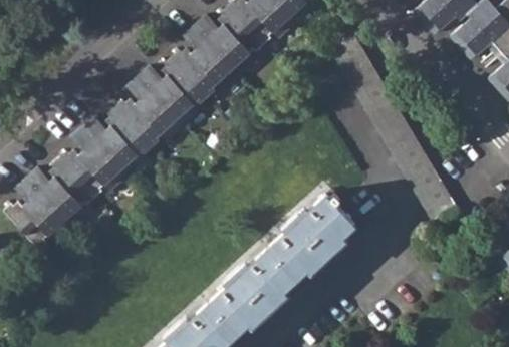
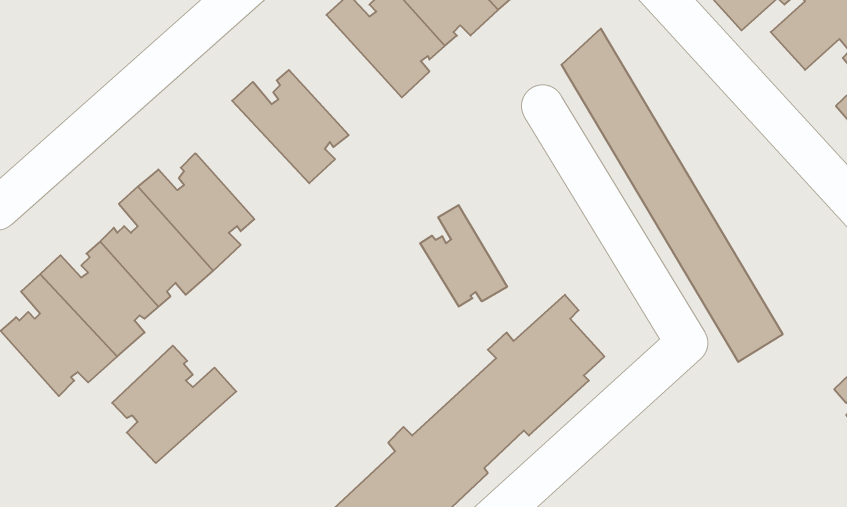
building: [170,26,236,96] -> none
building: [115,76,182,145] -> none
building: none -> [420,205,507,307]
building: none -> [112,346,236,463]

